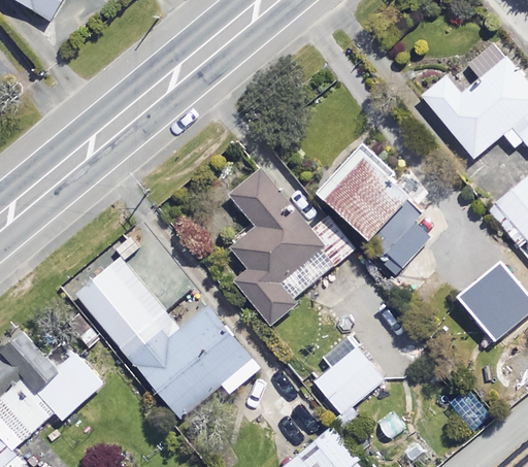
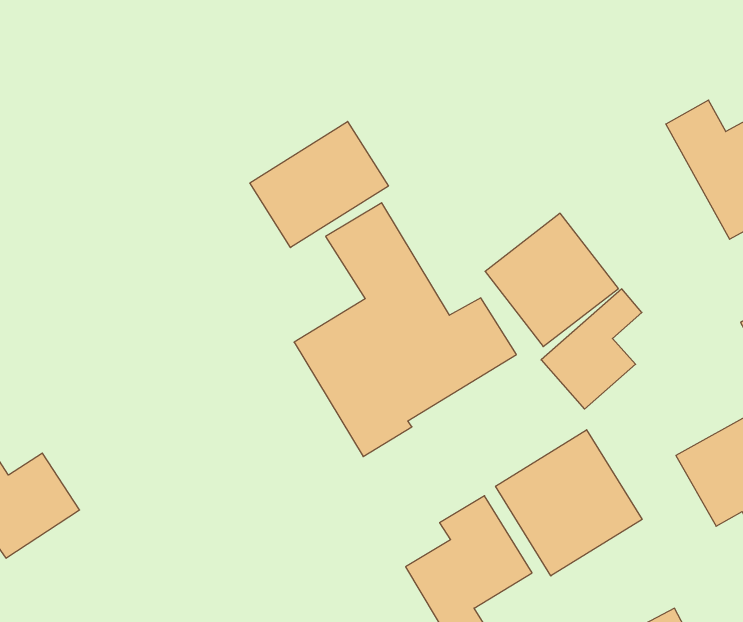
building: none -> [250,121,388,248]
building: [77,258,262,418] -> none
building: none -> [496,430,642,576]

